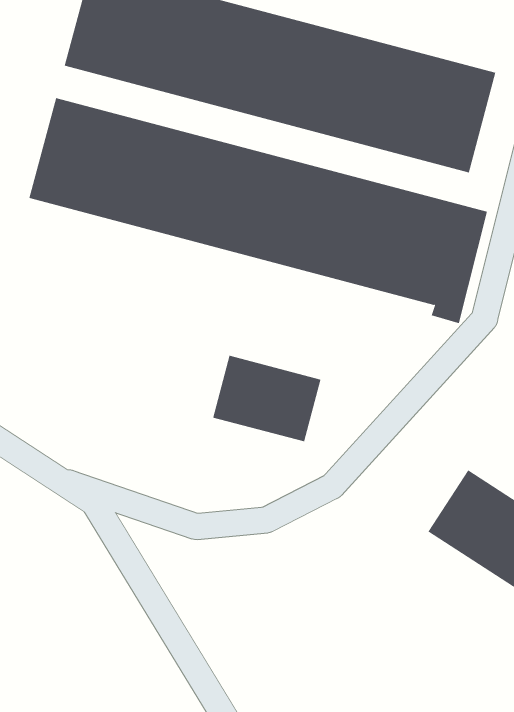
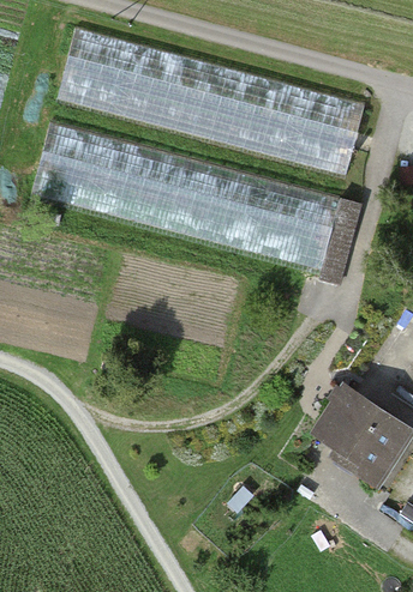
building: [213,355,321,442] -> none

